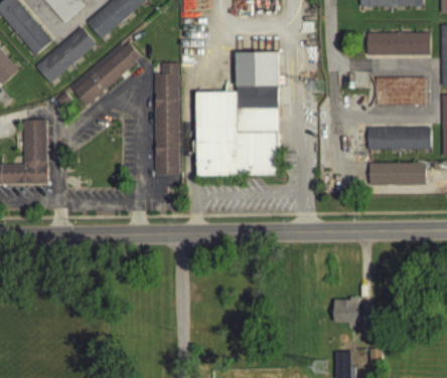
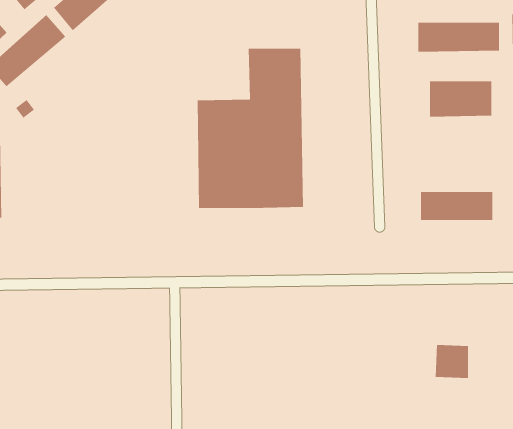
building: [70,43,141,106] -> none
building: [155,62,180,174] -> none
building: [367,127,431,150] -> none
building: [334,299,360,325] -> [435,345,469,378]

